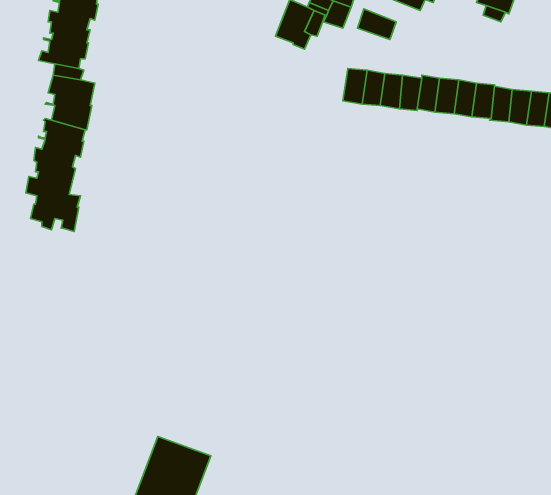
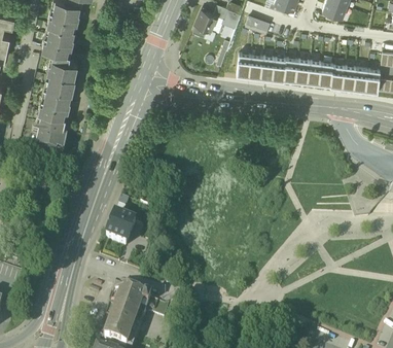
building: none -> [107,215,136,245]

